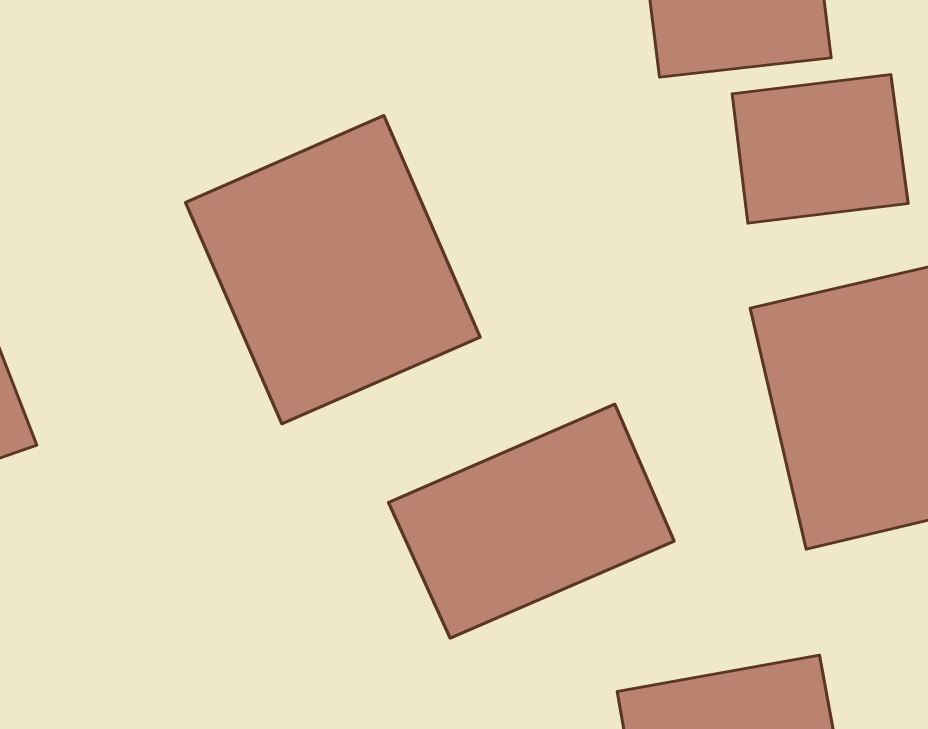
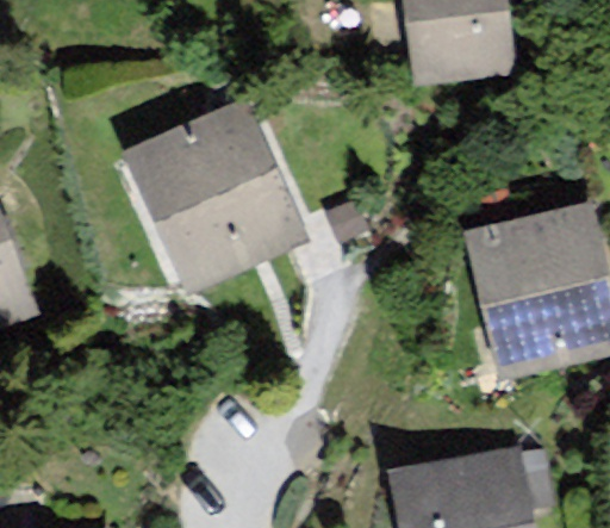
building: [732,75,908,223] -> none
building: [389,404,674,638] -> none

